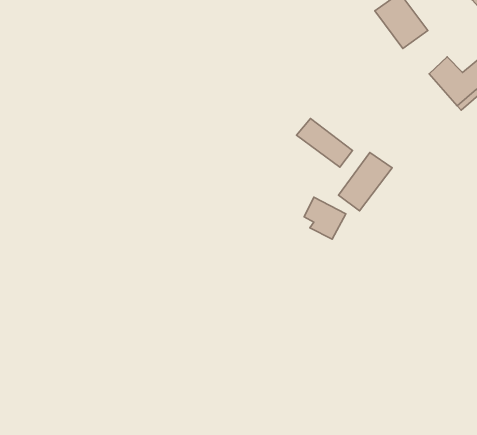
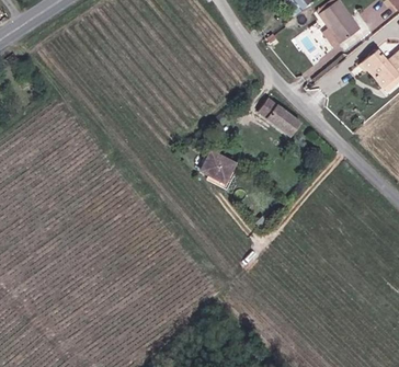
building: [339,152,392,211] -> none
building: [304,197,346,239] -> [203,153,236,186]

